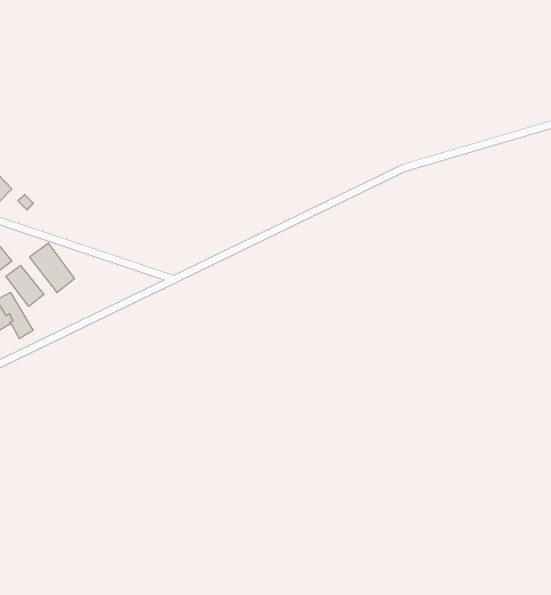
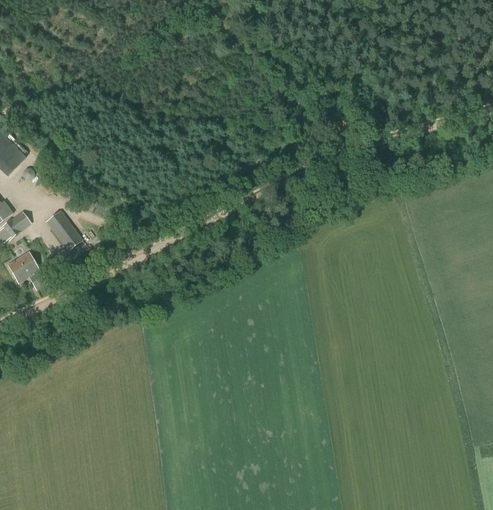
building: [6,265,44,306] -> none

